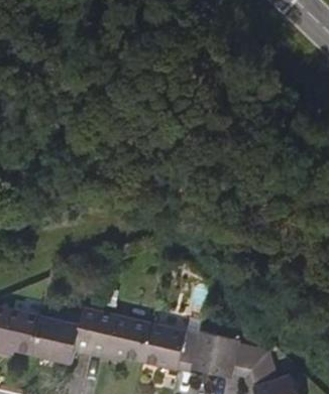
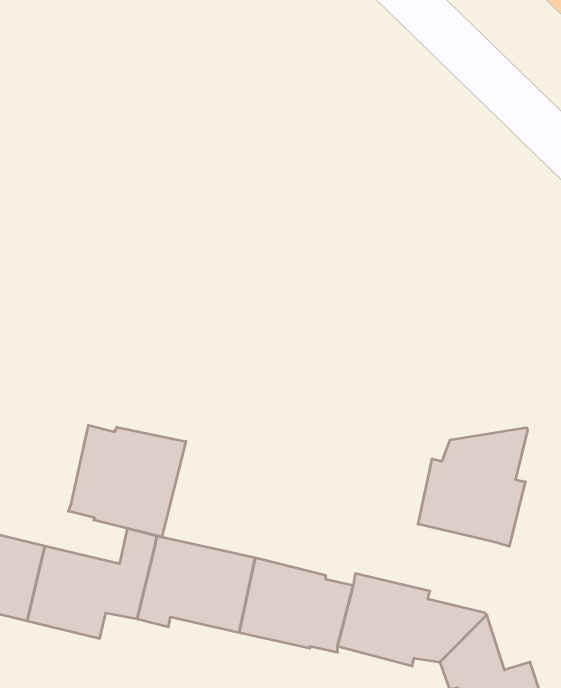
building: none -> [68,425,186,537]
building: none -> [418,428,528,546]

